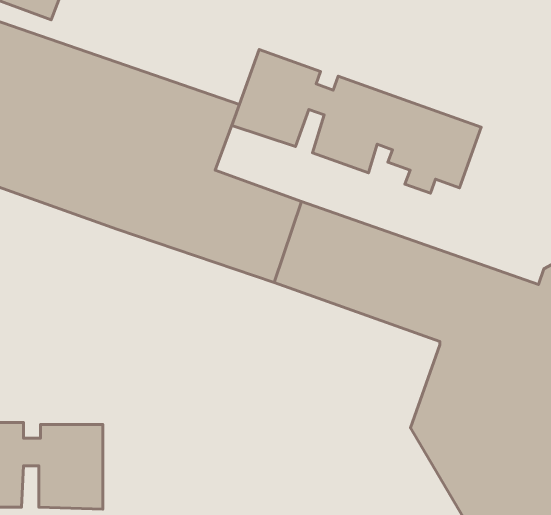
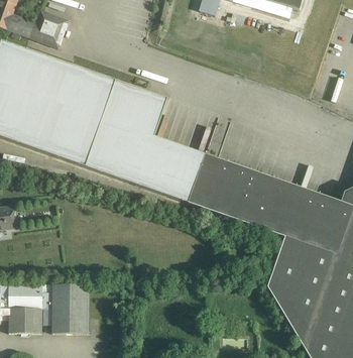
building: [232,50,481,193] -> none

